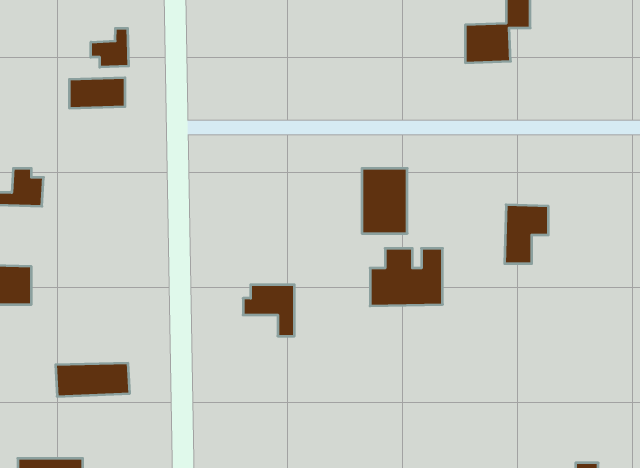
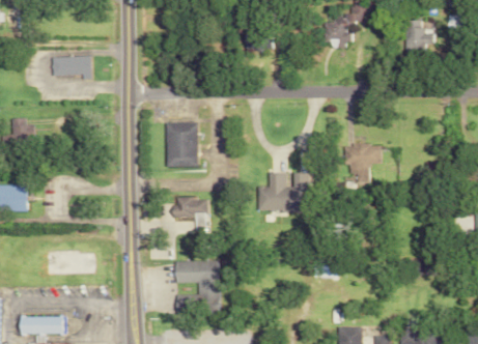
building: none -> [409,20,435,56]
building: [91,28,129,67] -> none
building: [362,168,407,233] -> [168,122,199,167]
building: none -> [176,260,220,316]

